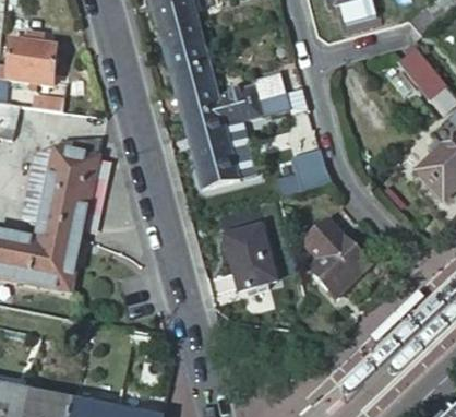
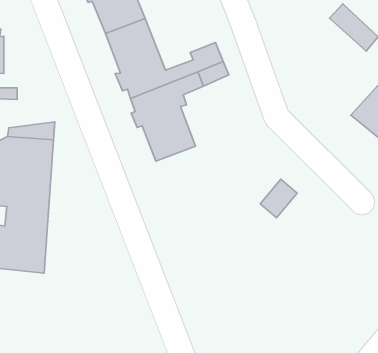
building: [291,152,329,189] -> none
building: [223,225,275,290] -> none
building: [309,237,370,298] -> none

